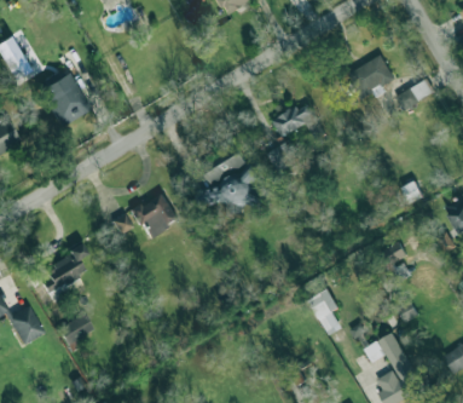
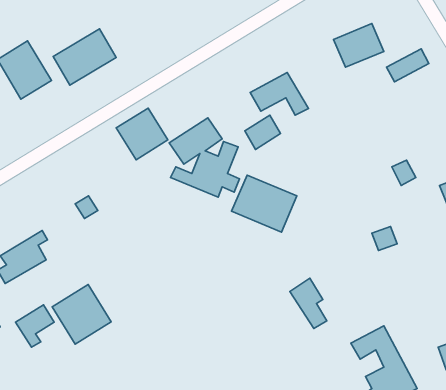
building: none -> [53,29,116,85]
building: [132,192,179,240] -> [116,108,168,160]
building: none -> [232,175,297,232]
building: none -> [52,284,111,344]

